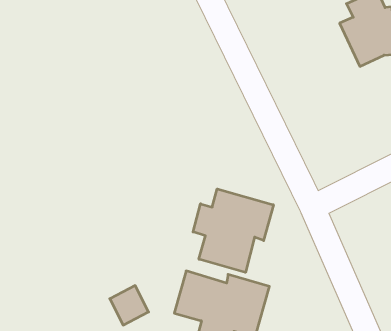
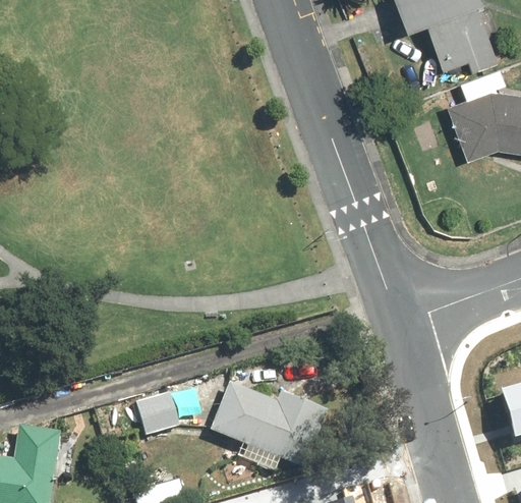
building: [193,189,273,272] -> none

